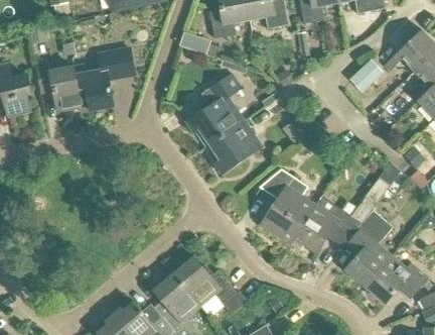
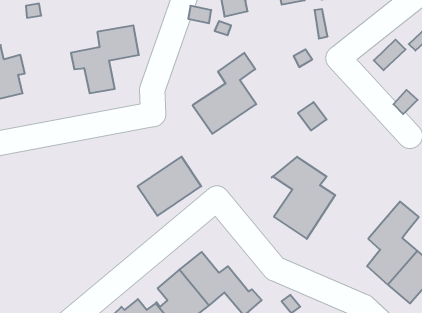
building: [36,62,91,110] -> none
building: [203,120,262,175] -> [138,157,201,216]
building: [290,177,391,253] -> none

